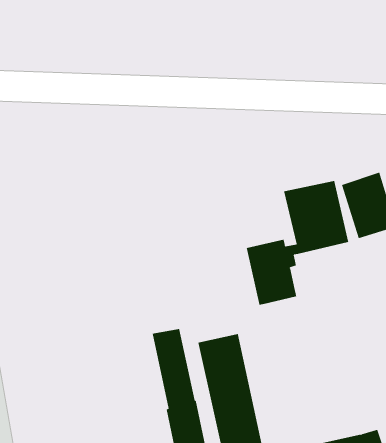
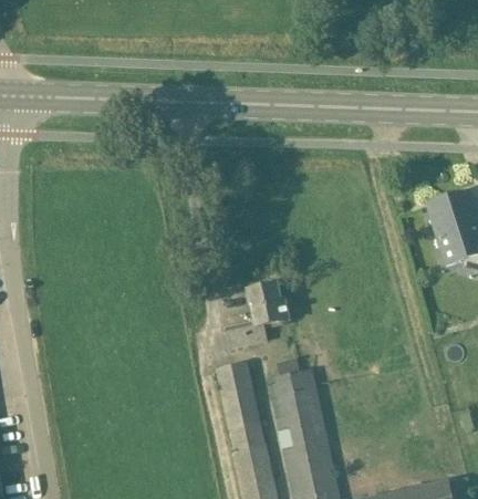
building: [246,180,349,306] -> none
building: none -> [225,285,289,351]

